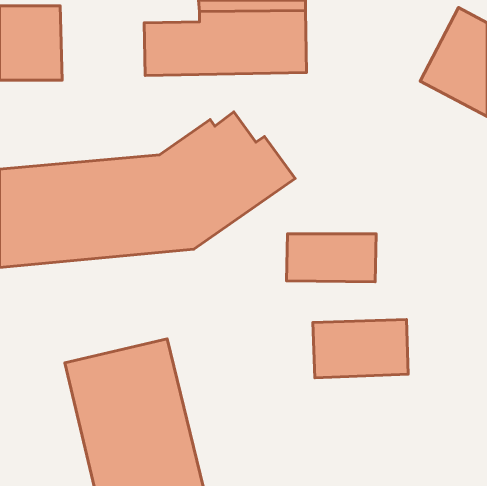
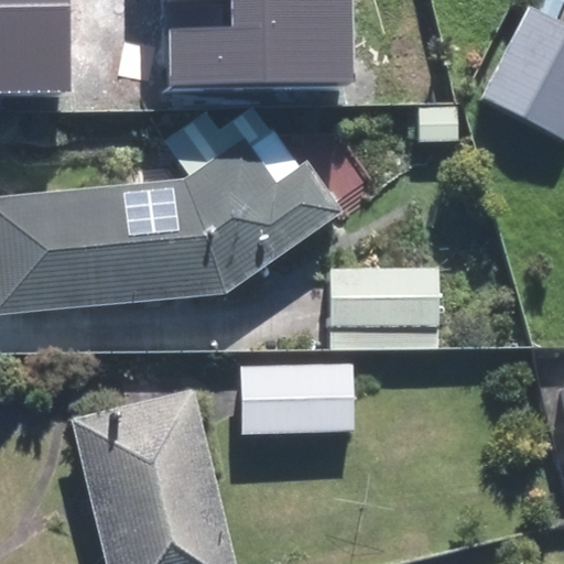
building: [313,320,408,378] -> [241,367,351,434]

